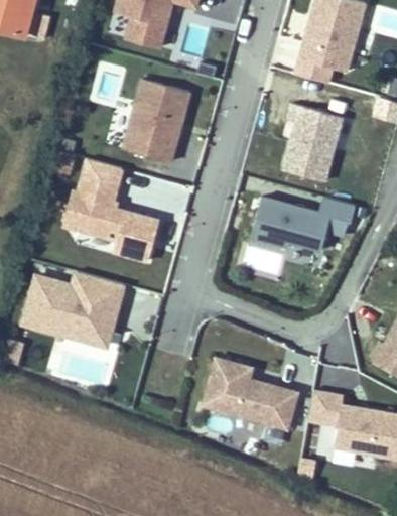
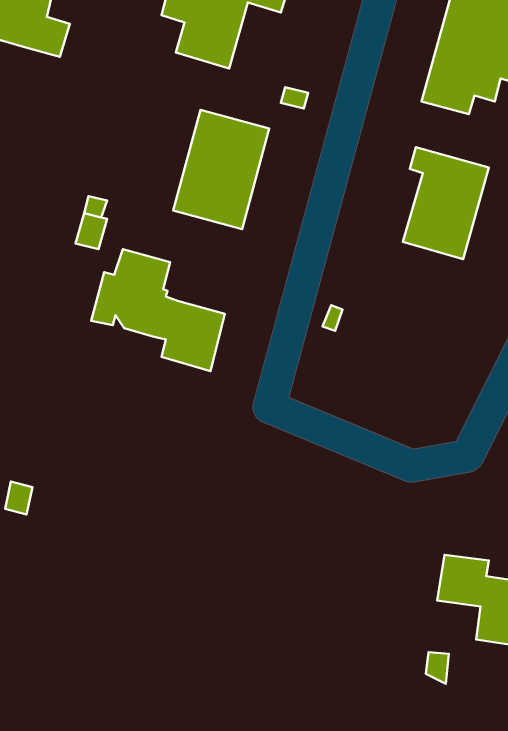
building: [249,197,353,254] -> none
building: [20,273,122,348] -> none
building: [203,358,297,429] -> none

